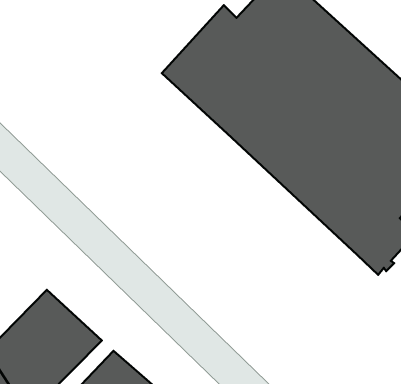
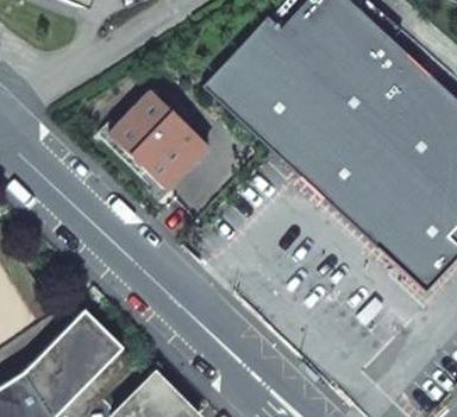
building: none -> [108,90,208,189]

